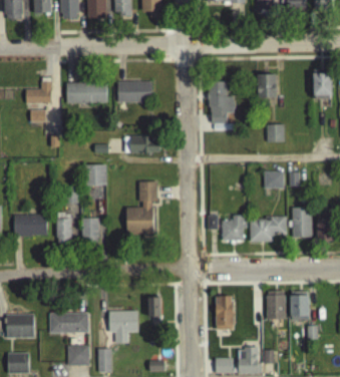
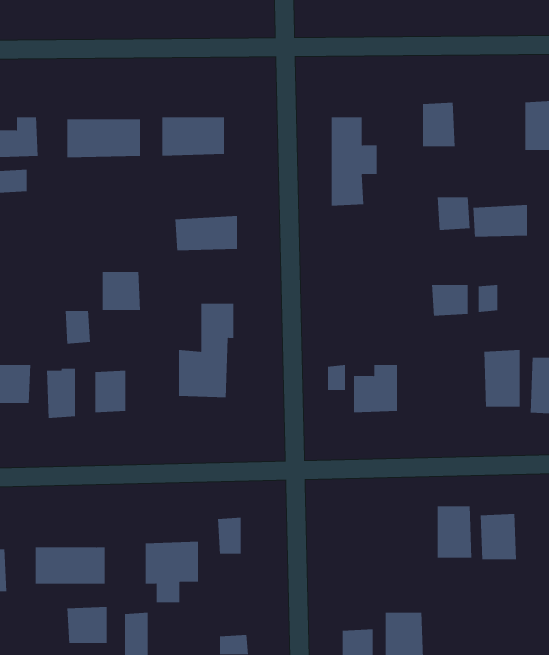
building: none -> [473,204,528,238]
building: [250,218,287,242] -> none
building: [216,296,234,330] -> none

